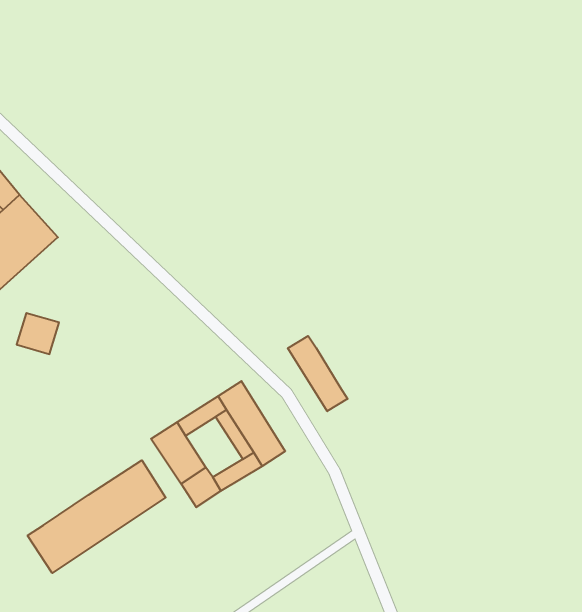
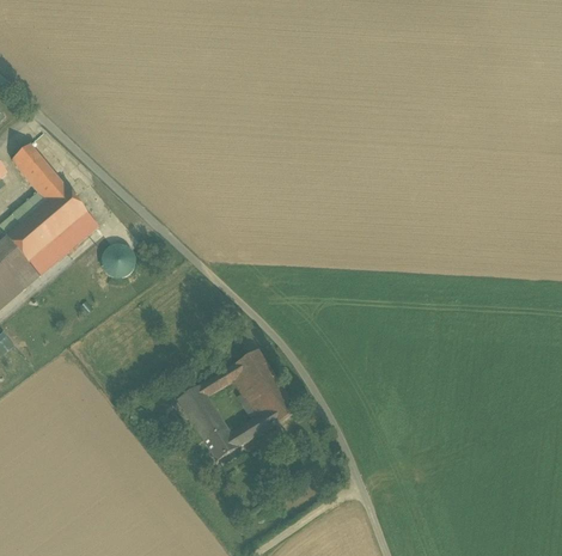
building: [17,313,59,354] -> [98,244,135,280]
building: [288,336,348,411] -> none
building: [28,460,166,573] -> none

